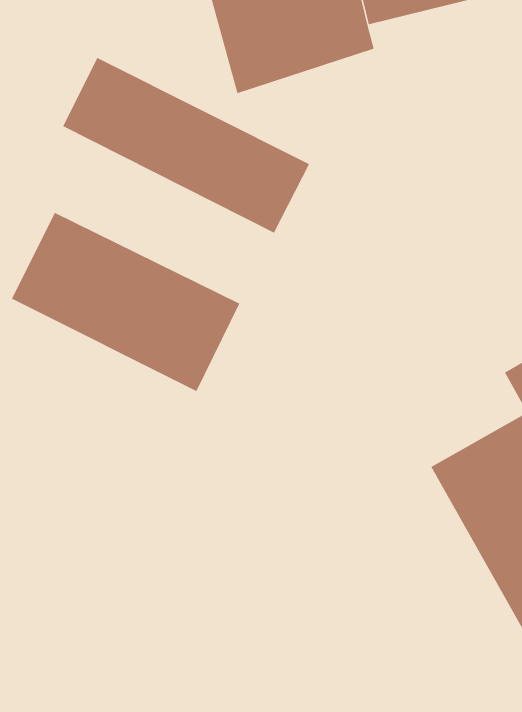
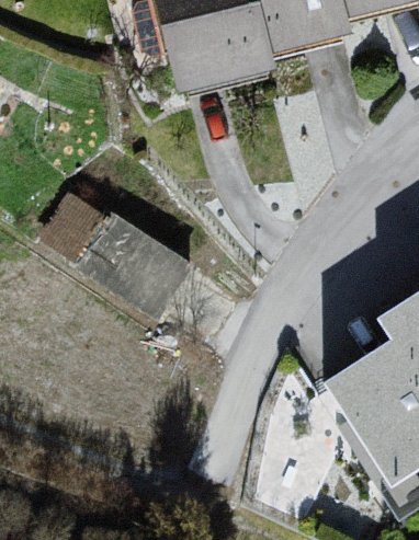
building: [63,57,310,234] -> none

